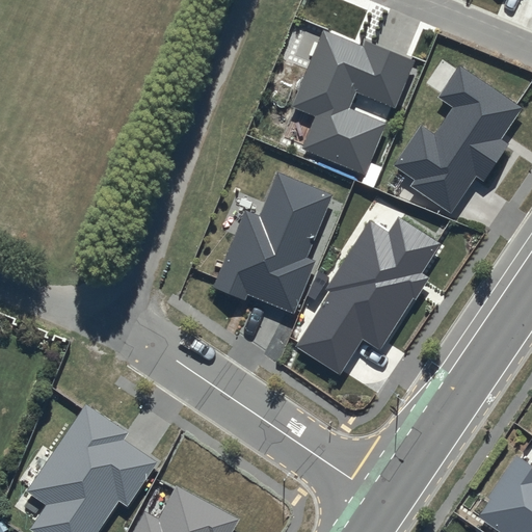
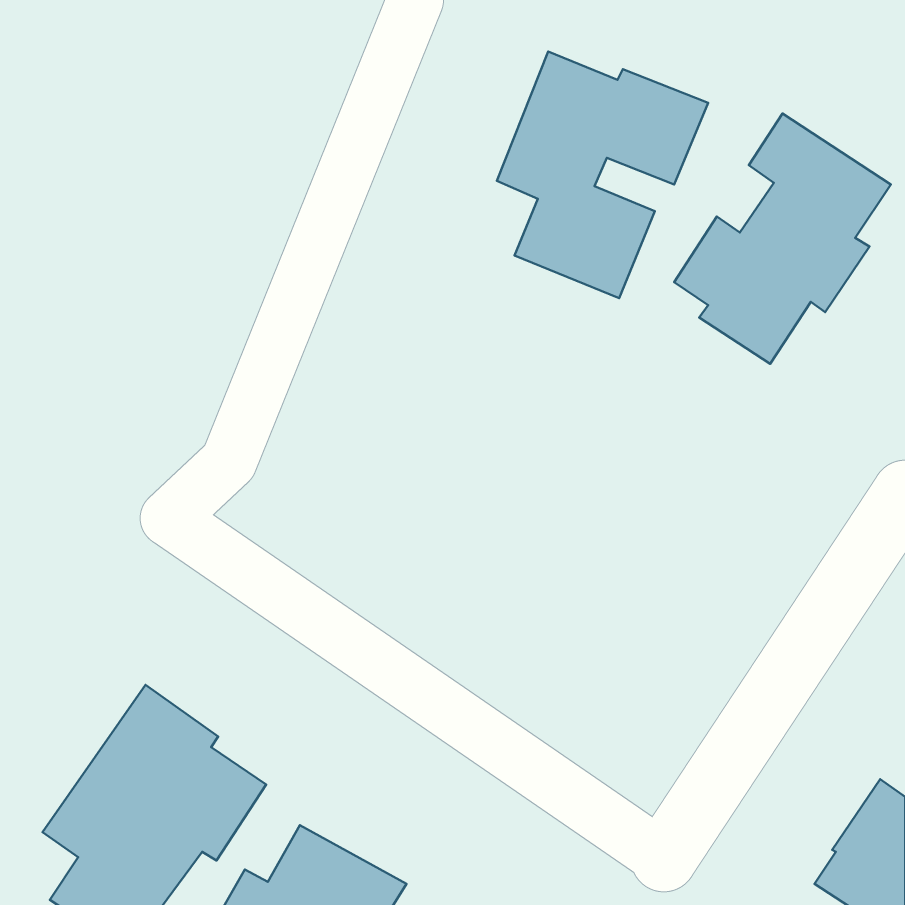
building: [213,174,331,314] -> none
building: [295,215,442,375] -> none

